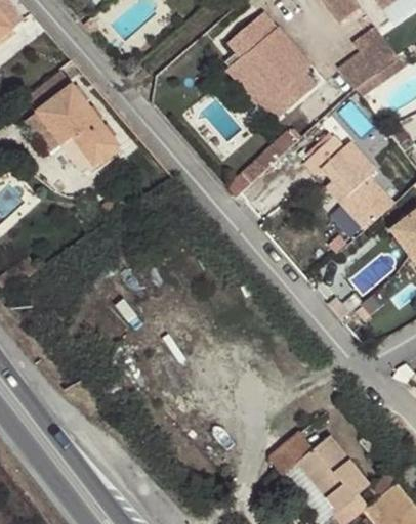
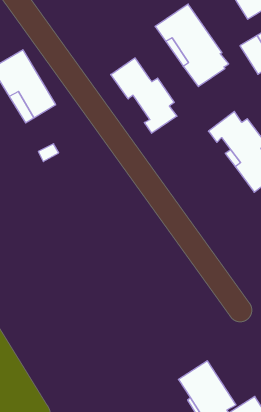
building: none -> [111,58,177,133]

